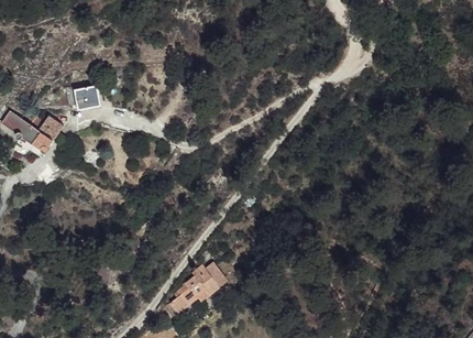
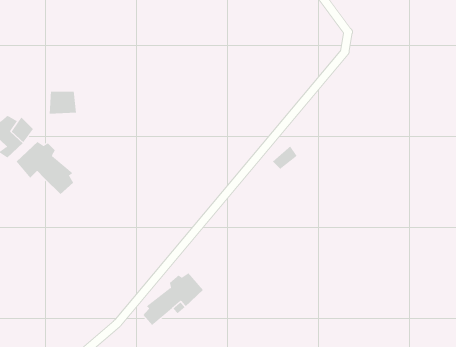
building: none -> [16,141,74,195]

